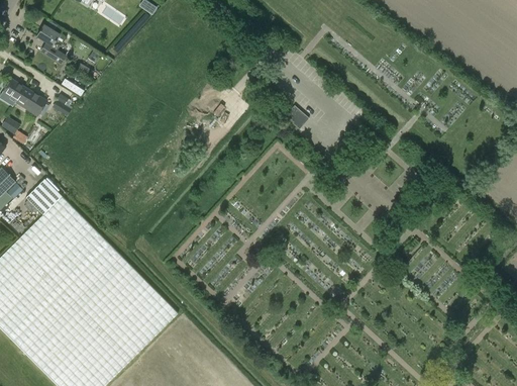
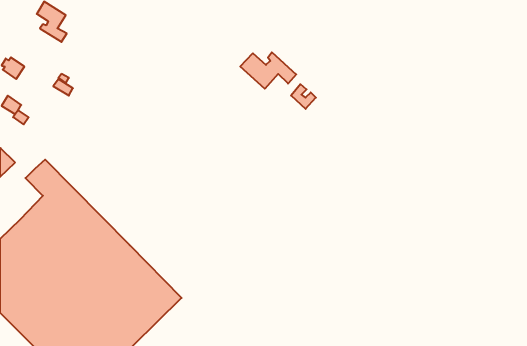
building: none -> [240,52,296,89]
building: [15,88,44,113] -> none

